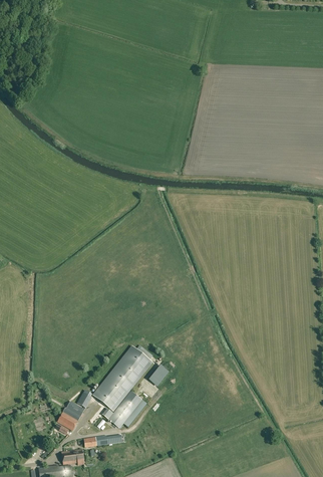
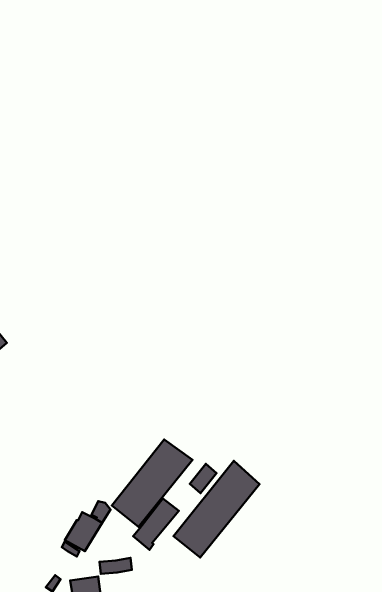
building: none -> [173,461,259,558]

